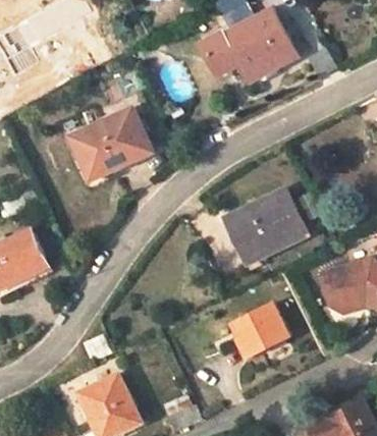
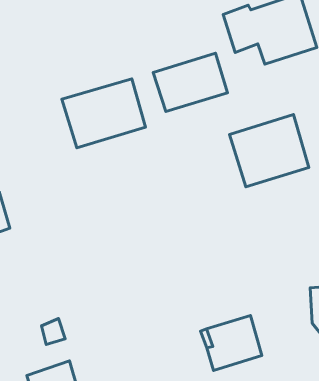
building: none -> [153,53,227,112]
building: [229,187,306,260] -> [230,114,309,187]

